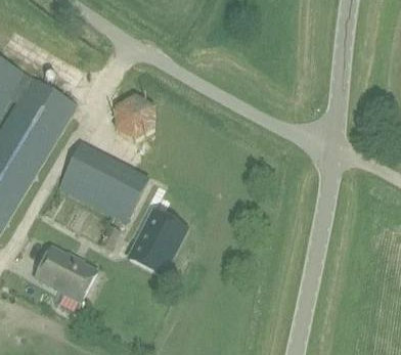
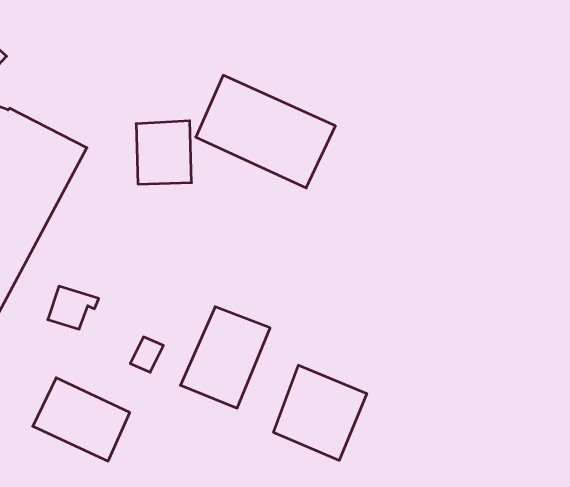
building: [59,146,147,220] -> [196,75,335,188]
building: none -> [274,365,367,460]

